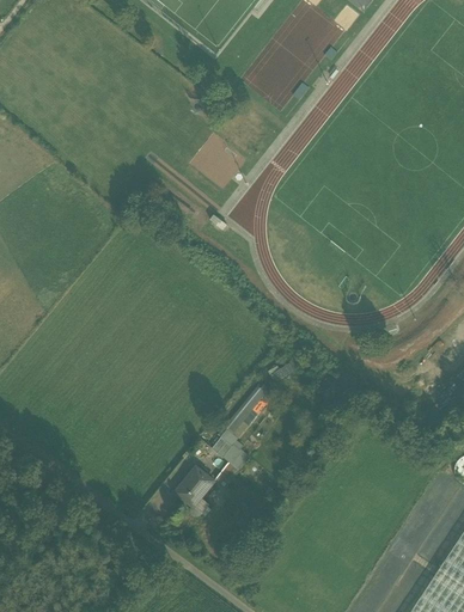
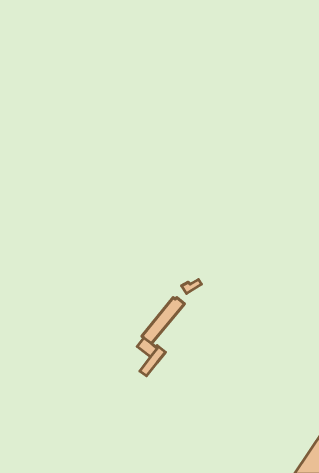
building: [175,469,213,508] -> none

